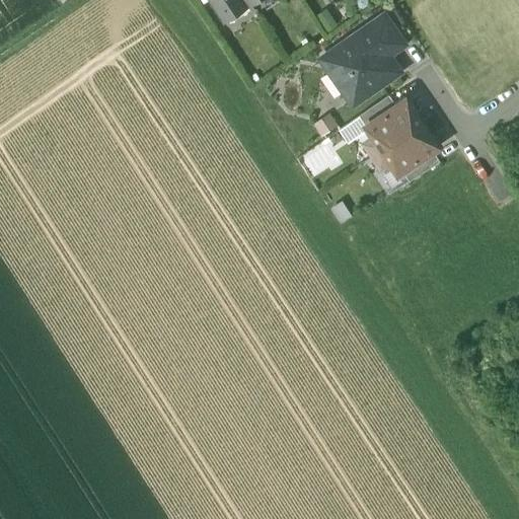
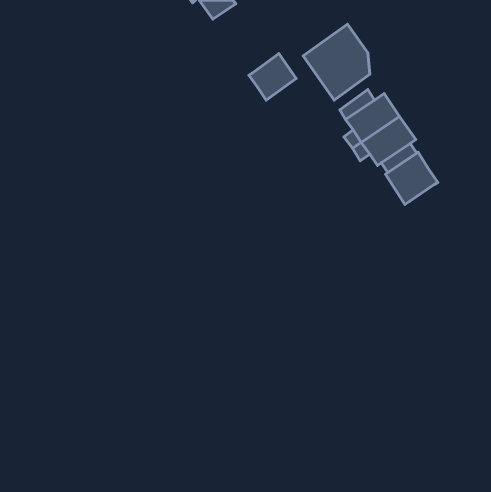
building: [366,14,403,56] -> none
building: none -> [249,54,296,100]
building: none -> [385,152,438,204]

